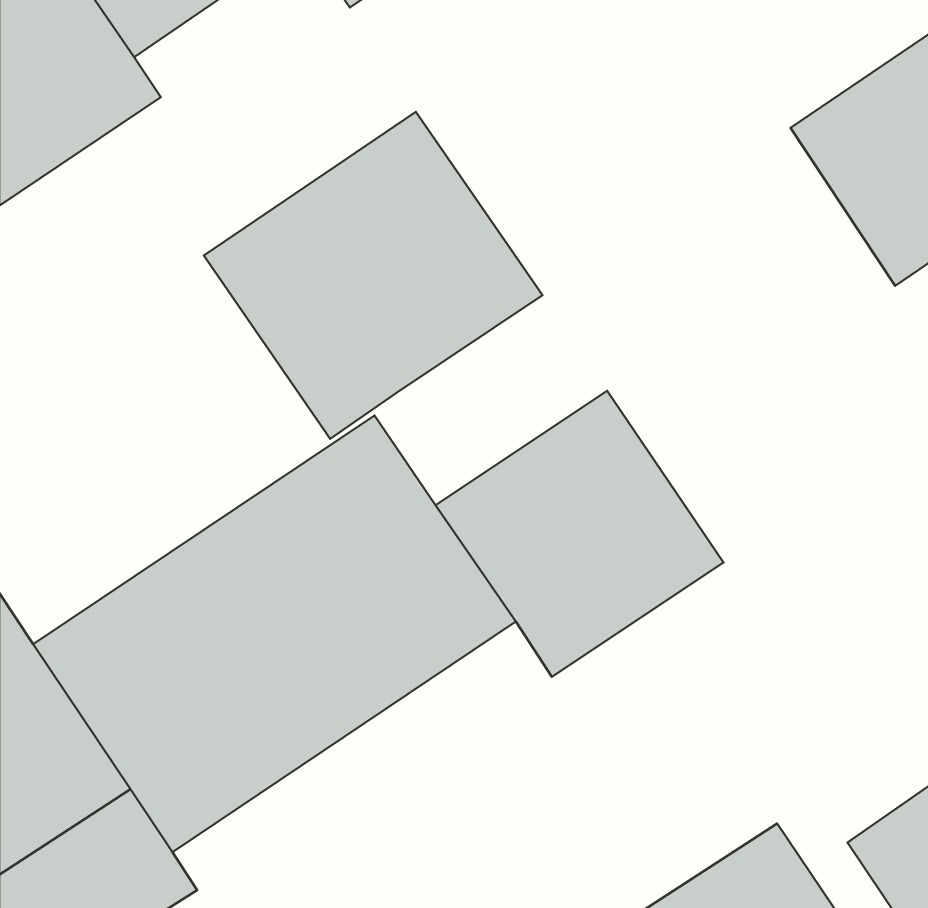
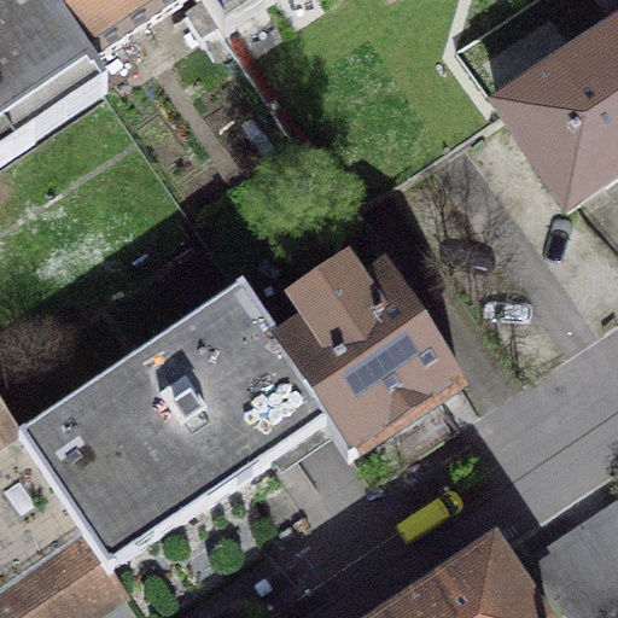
building: [204,112,543,439] -> none

